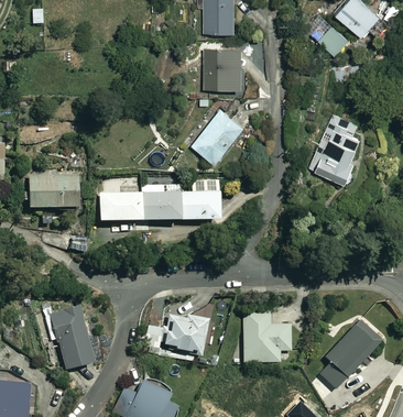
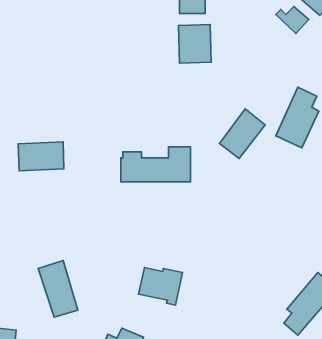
building: [193,108,243,163] -> [219,109,265,159]
building: [100,193,141,220] -> none
building: [244,311,291,362] -> none

